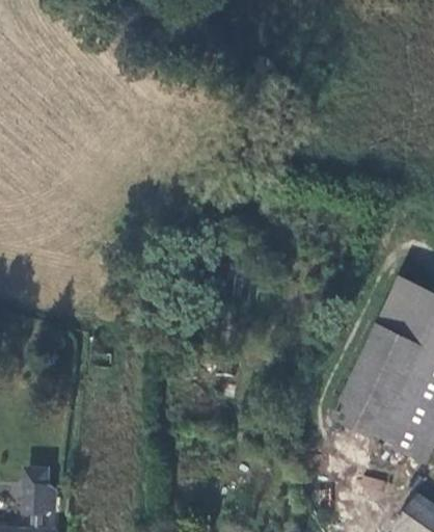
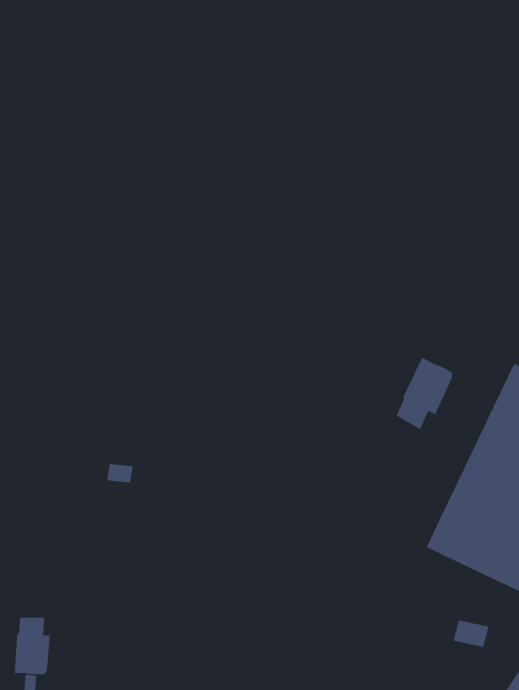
building: none -> [395,356,453,430]

